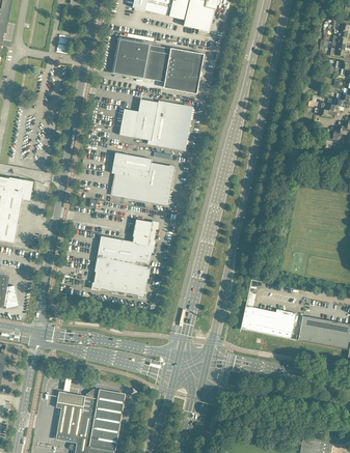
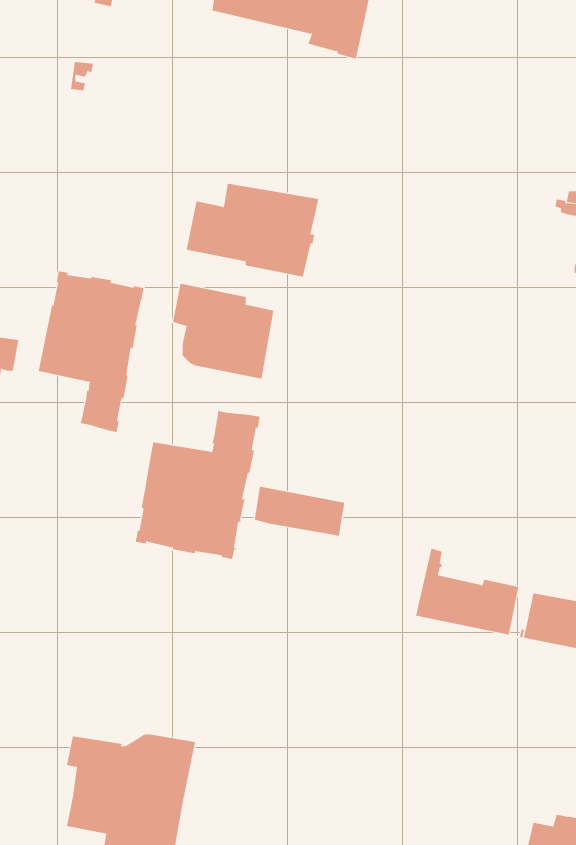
building: [113,38,203,92] -> none
building: none -> [38,271,144,433]
building: none -> [254,486,345,537]

